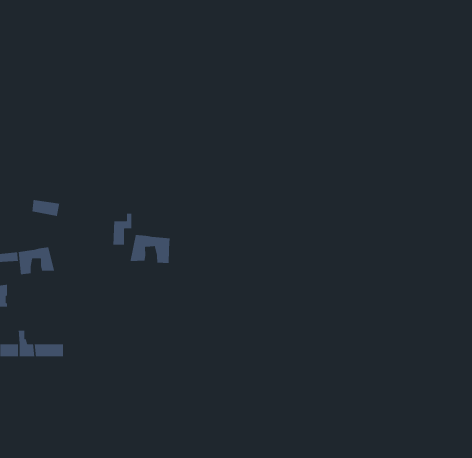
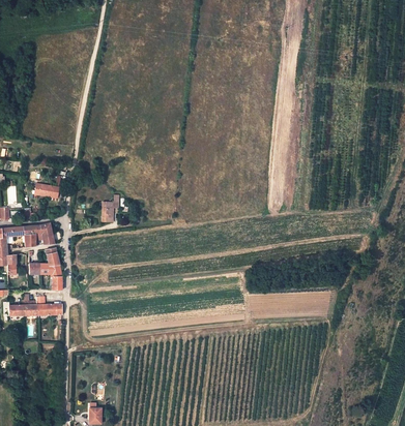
building: [130,234,171,264] -> none
building: none -> [29,248,61,290]

